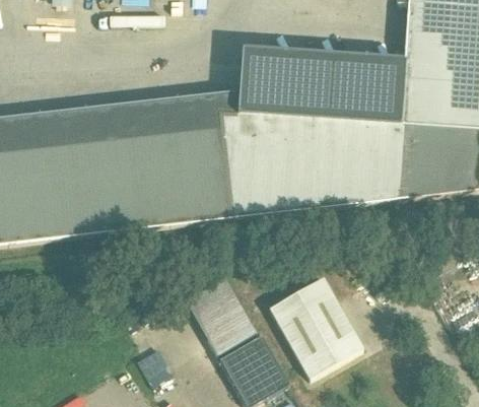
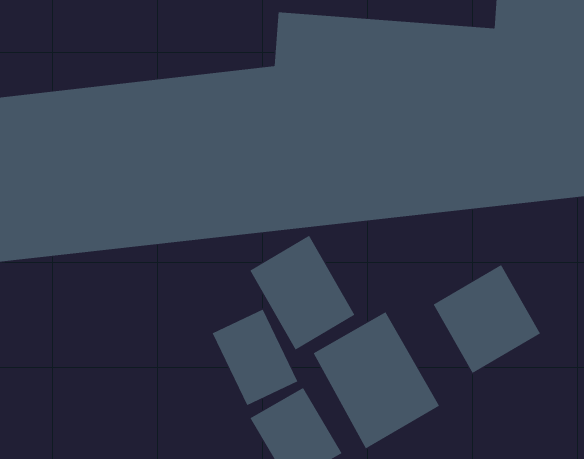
building: none -> [249,235,355,350]
building: none -> [433,264,541,374]

